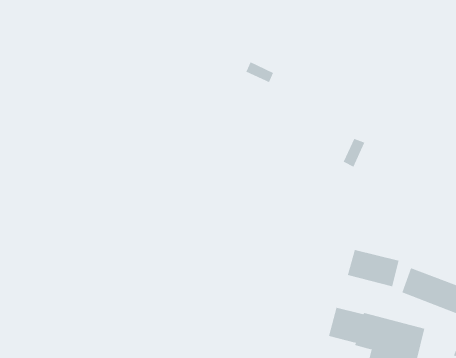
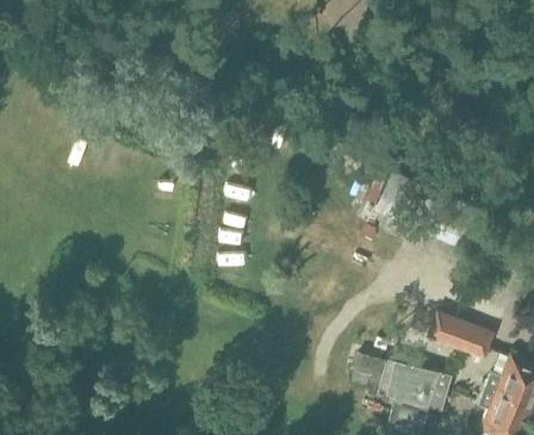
building: [347,249,399,287] -> none

